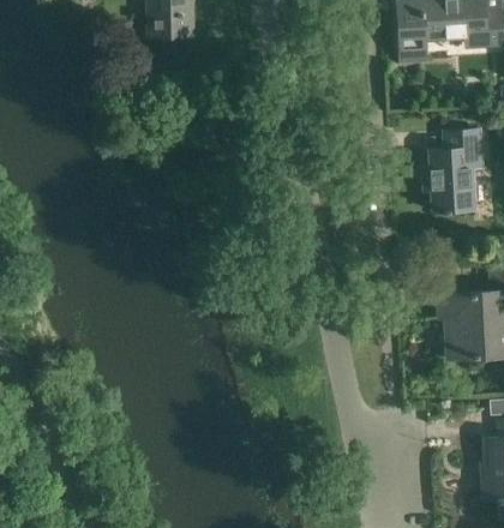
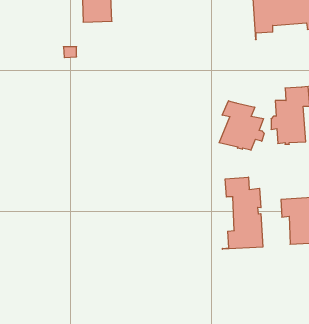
building: none -> [219,101,264,150]
building: none -> [222,177,263,249]

